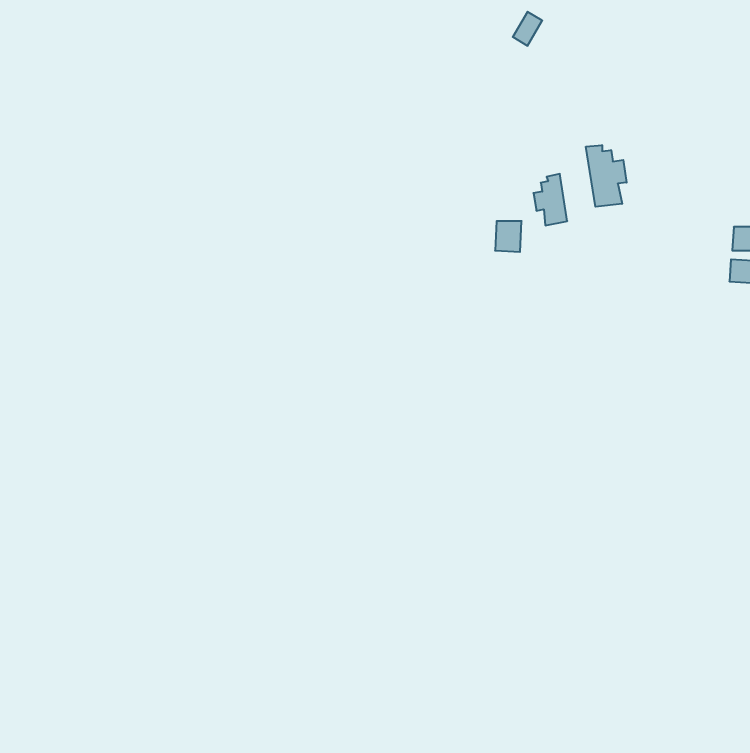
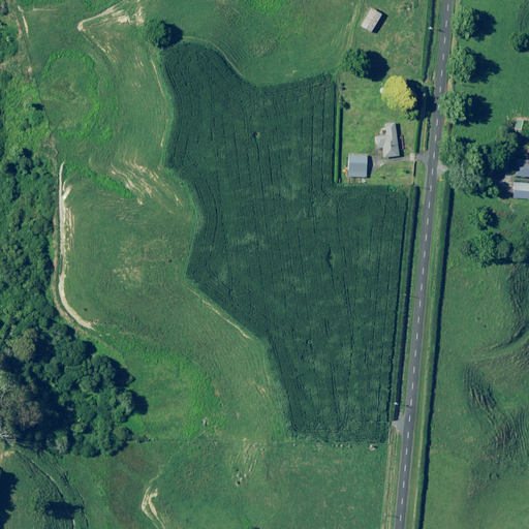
building: [586,145,627,207] -> none

